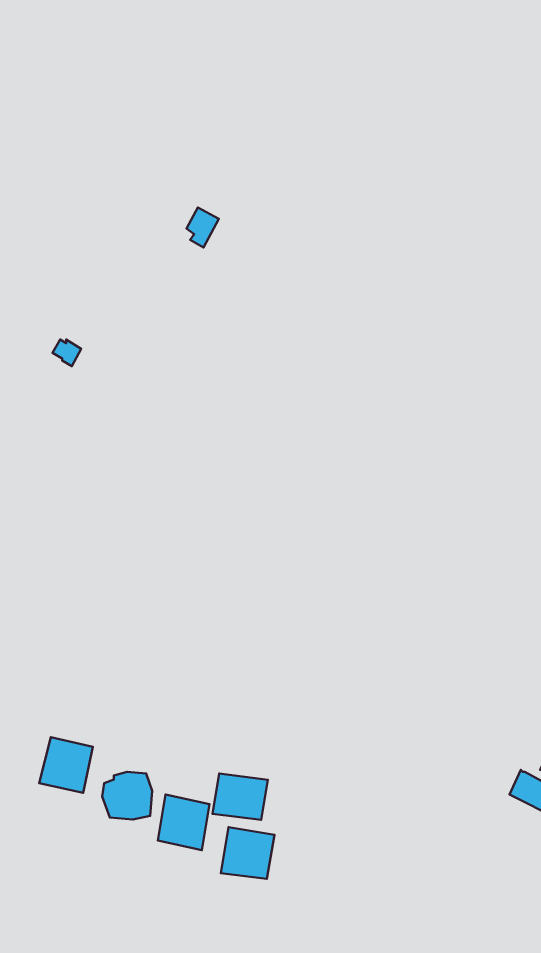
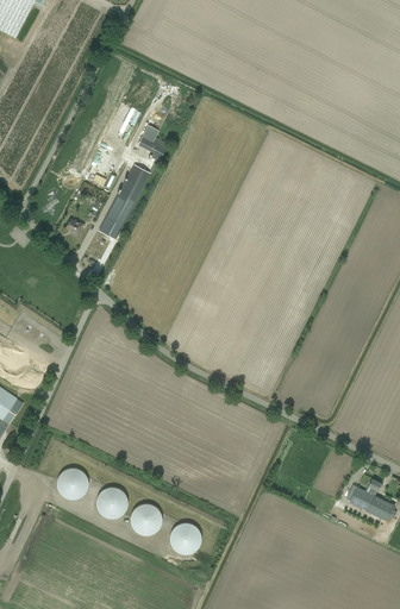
building: none -> [98,165,149,239]
building: [213,774,268,820] -> none

